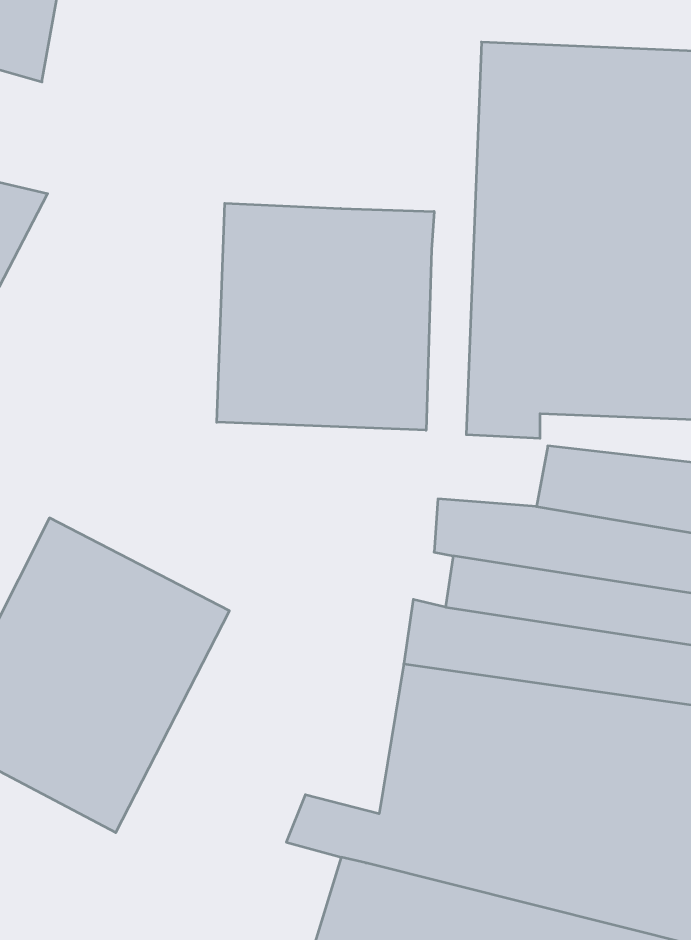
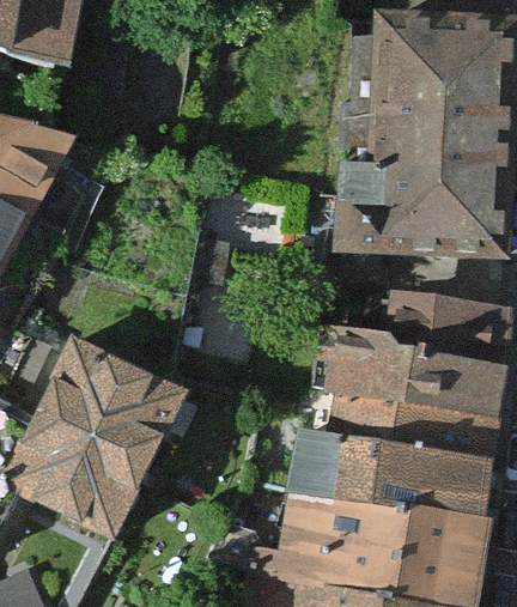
building: [217,203,434,430] -> none

